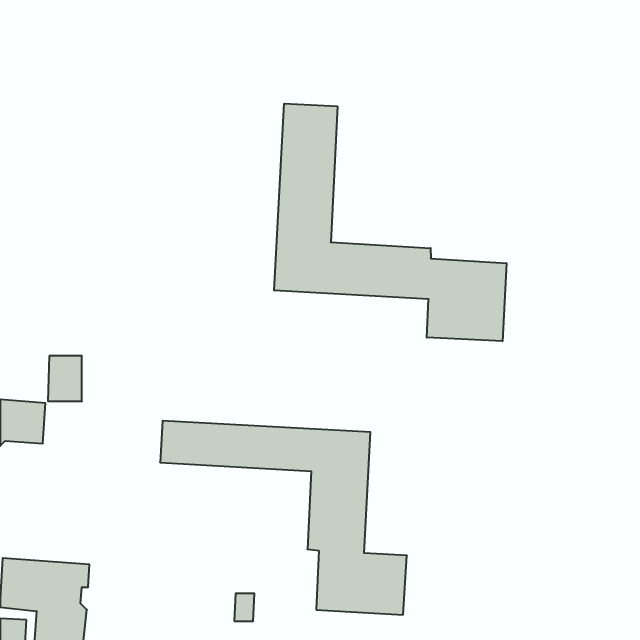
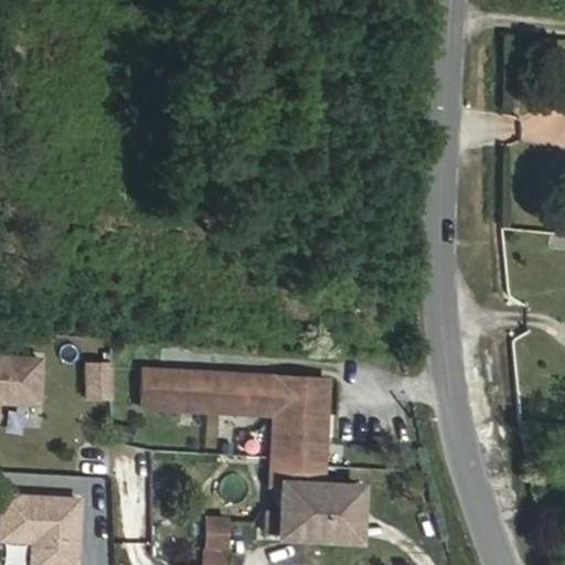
building: [274,104,506,341] -> none
building: [48,356,82,401] -> [82,361,111,401]

